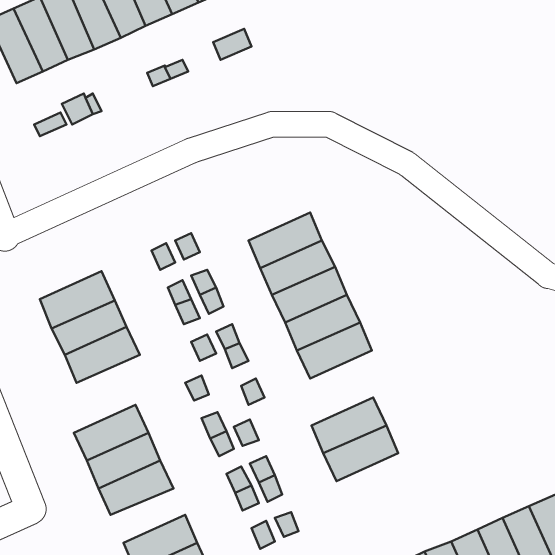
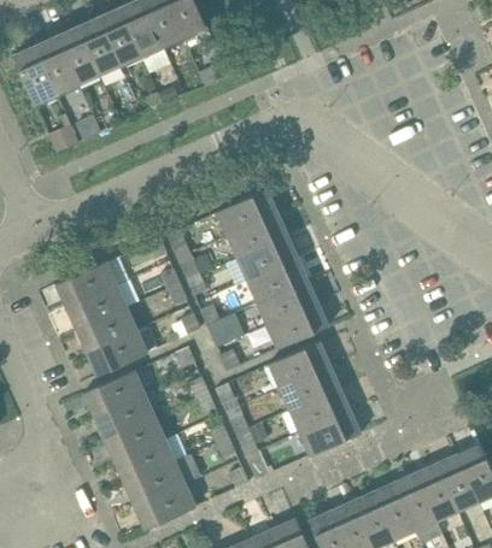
building: none -> [216,189,277,235]
building: none -> [86,329,147,376]
building: none -> [268,341,329,387]
building: none -> [299,409,361,455]
building: none -> [113,438,175,483]

